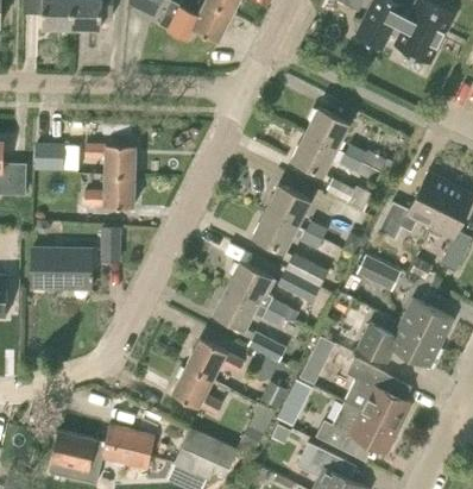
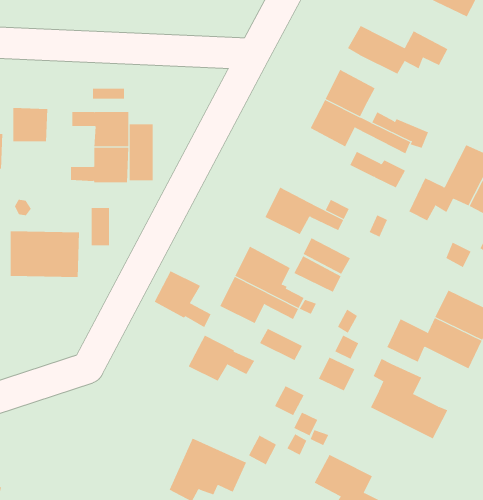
building: none -> [347,25,448,75]
building: none -> [129,124,153,181]
building: [266,184,310,226] -> none
building: [357,255,401,290] -> none
building: [172,365,222,415] -> [154,270,211,328]
building: [316,401,399,453] -> none
building: [52,425,154,469] -> none

